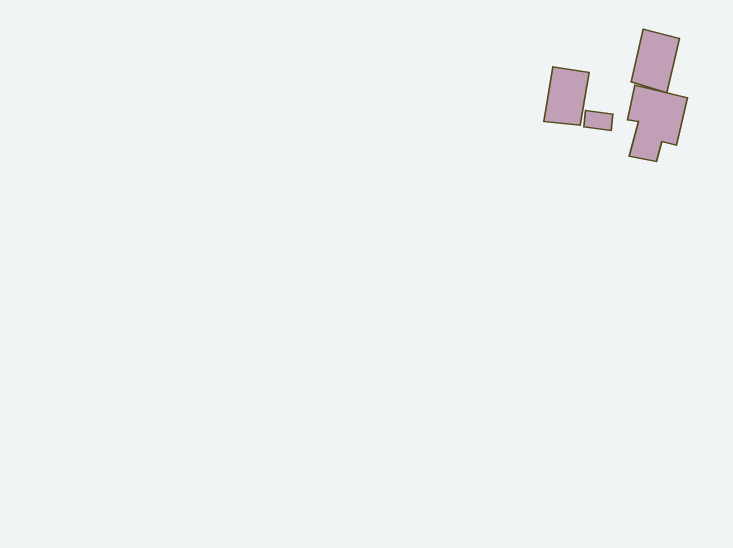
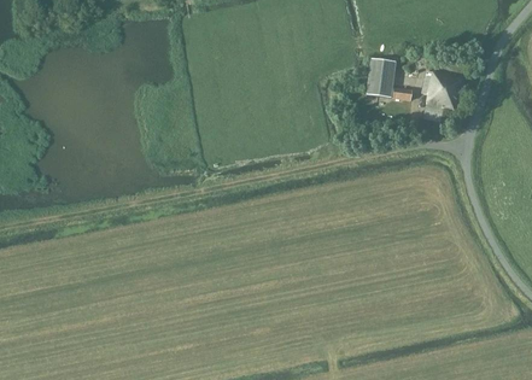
building: [631,29,679,93] -> none

